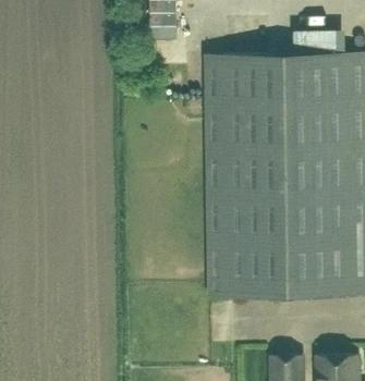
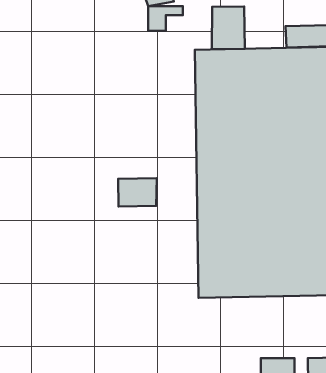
building: none -> [212,6,245,49]
building: none -> [118,178,157,207]

